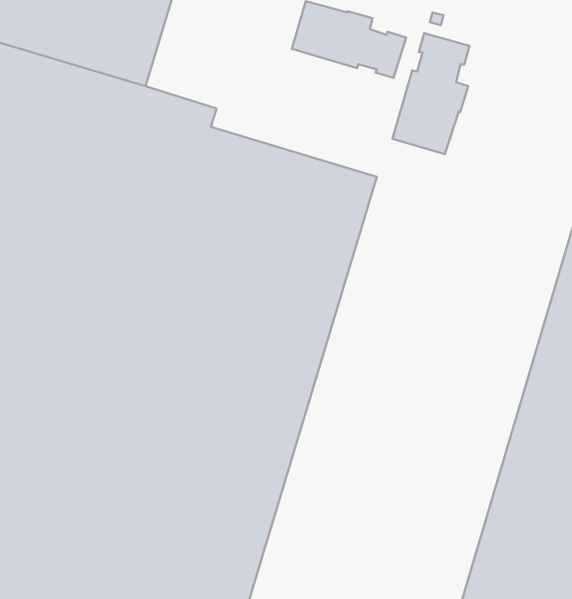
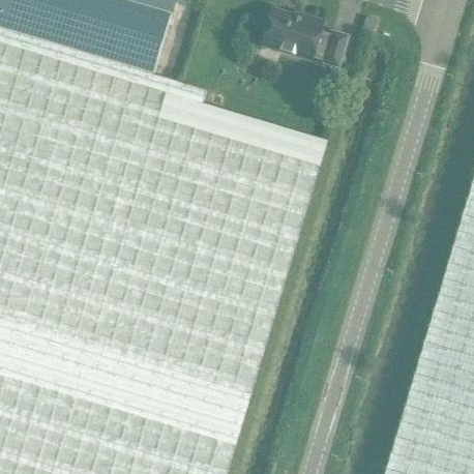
building: [392,33,469,154] -> none

